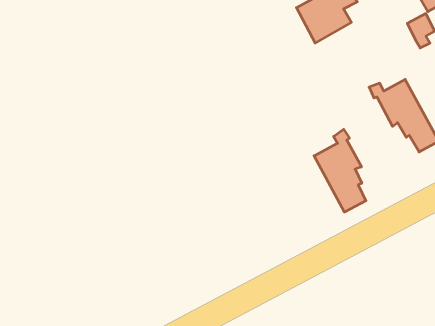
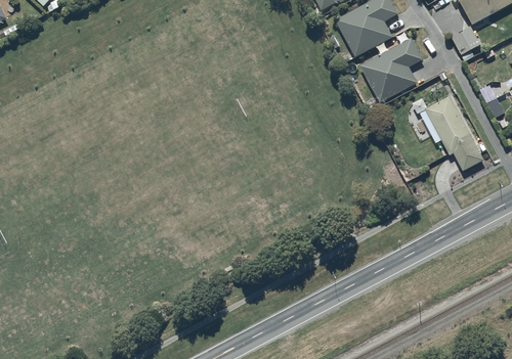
building: none -> [360,37,423,101]
building: [314,129,366,212] -> none

